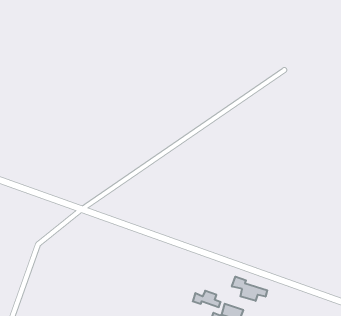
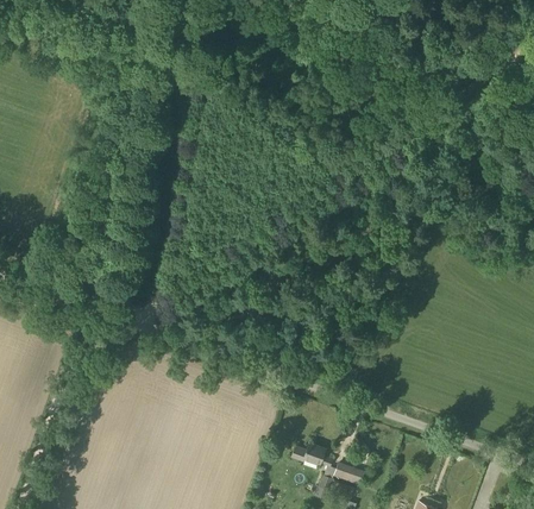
building: [232,277,267,301] -> none

